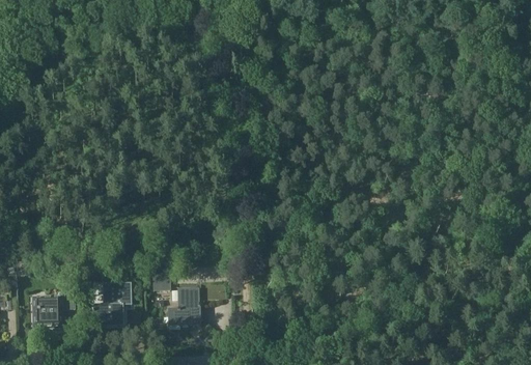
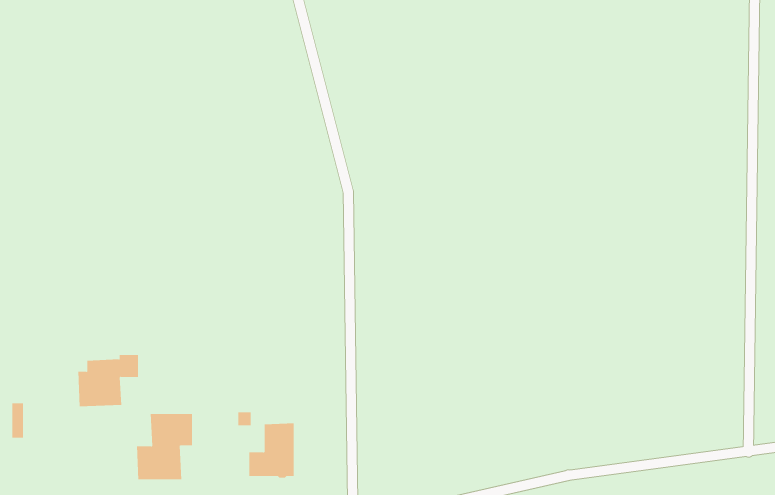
building: [32,292,74,328] -> [77,354,139,407]

